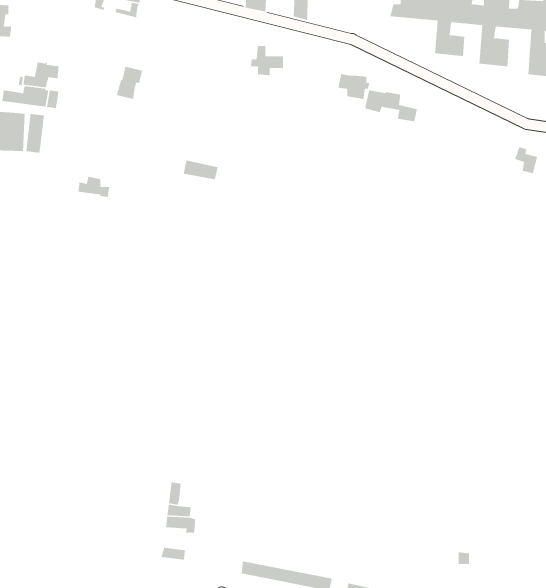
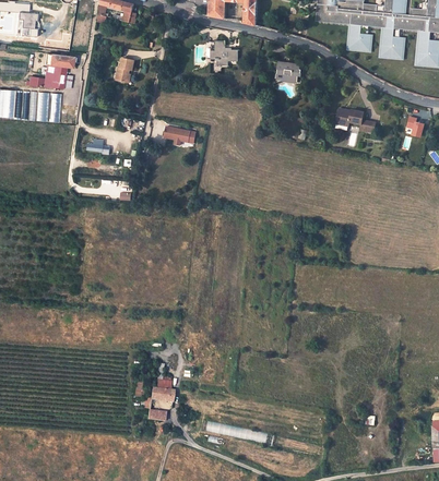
building: [364,90,418,122] -> [335,108,375,132]

